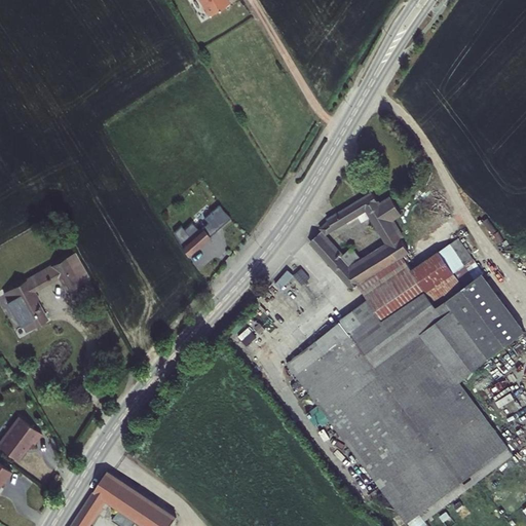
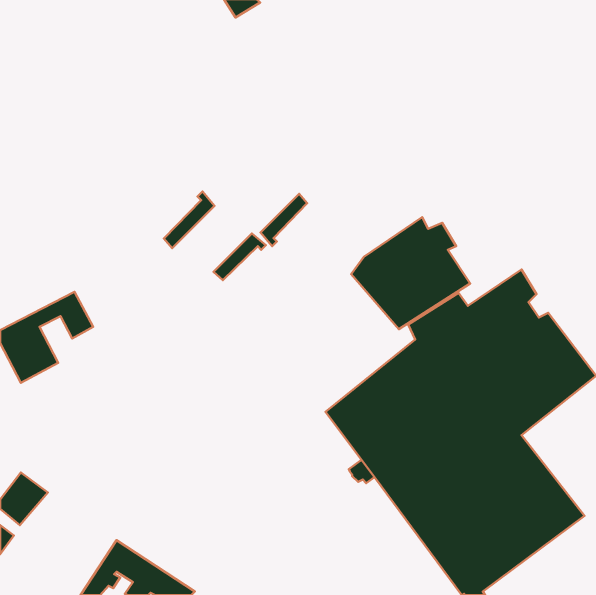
building: none -> [164,191,214,248]
building: none -> [261,194,307,246]

